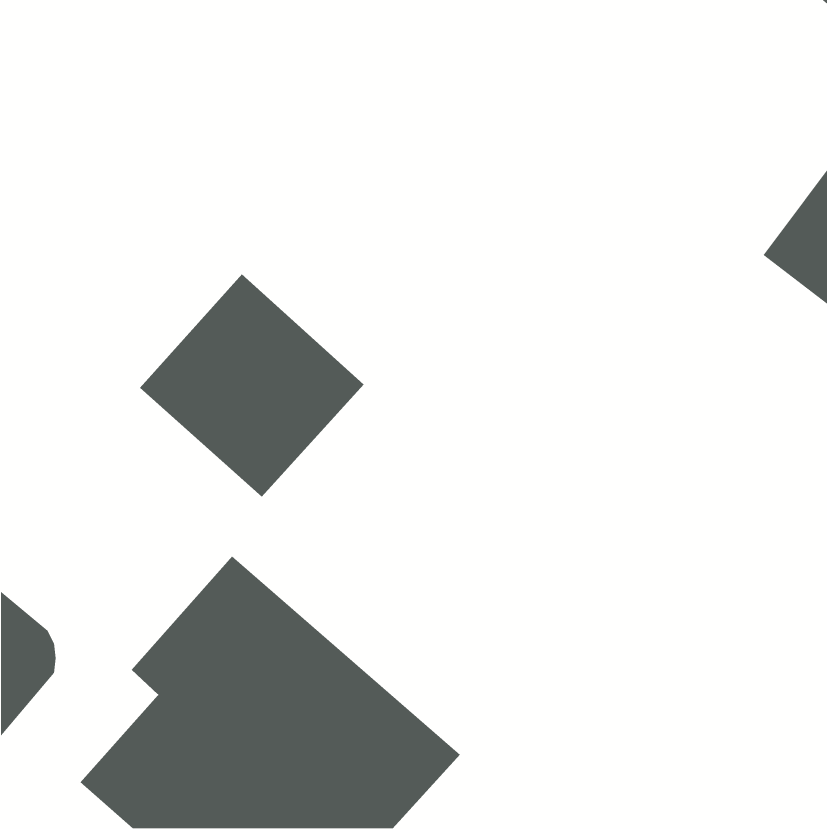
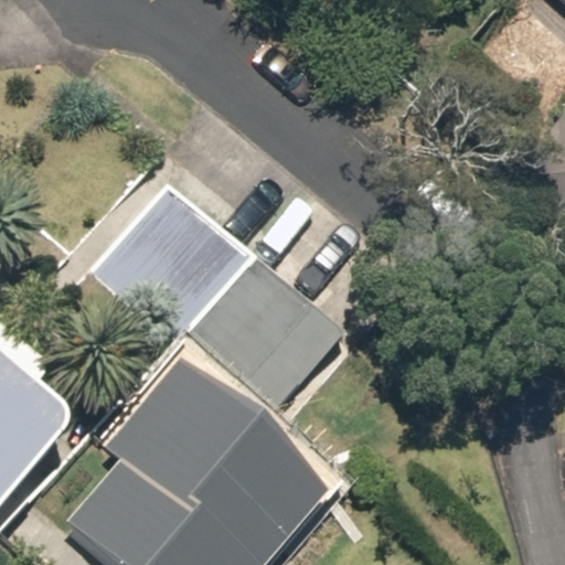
building: none -> [190,260,344,413]

